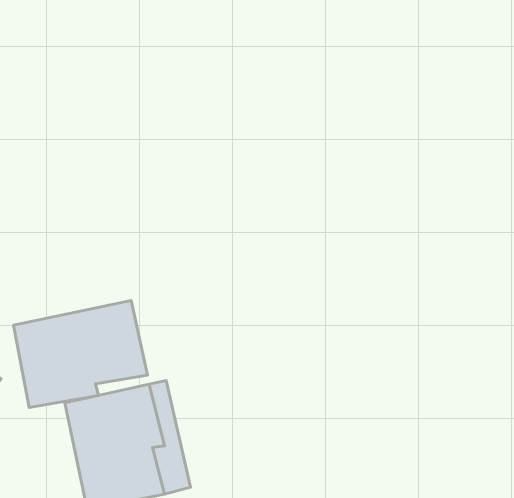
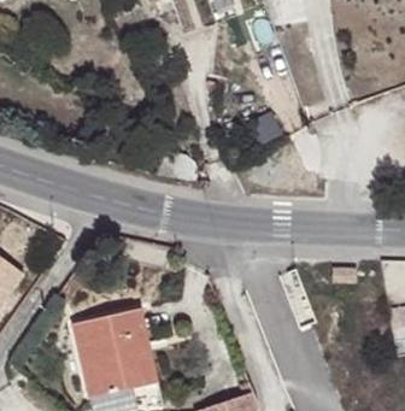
building: [13,300,148,407] -> none

